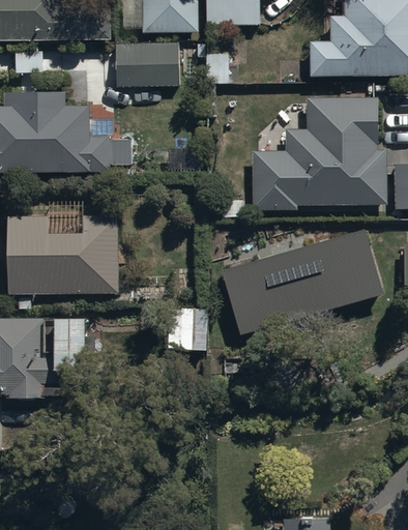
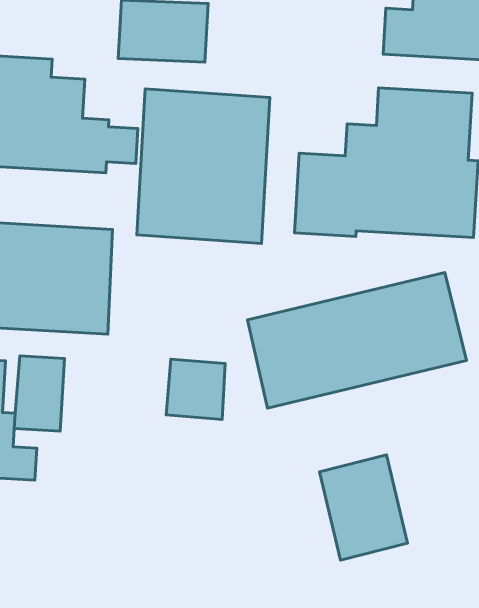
building: none -> [137,89,270,243]
building: none -> [319,455,407,560]

